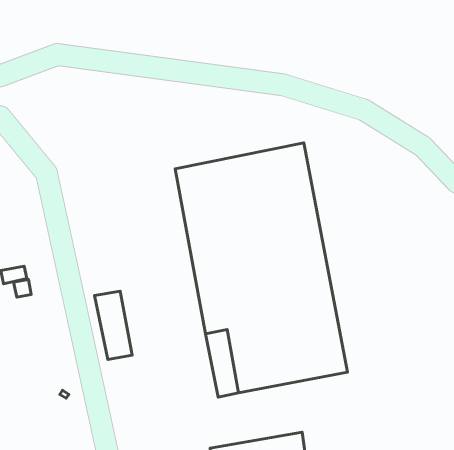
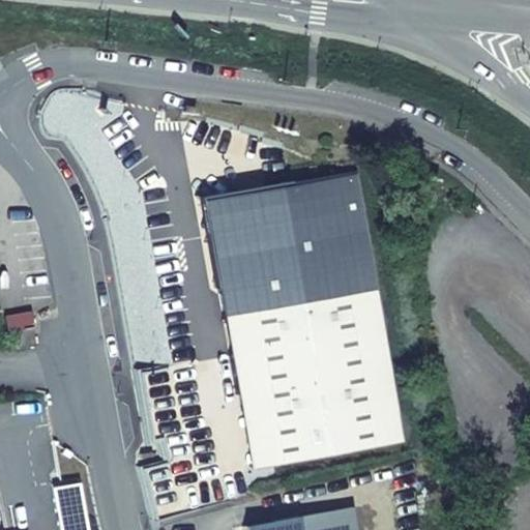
building: [95,291,132,360] -> none

